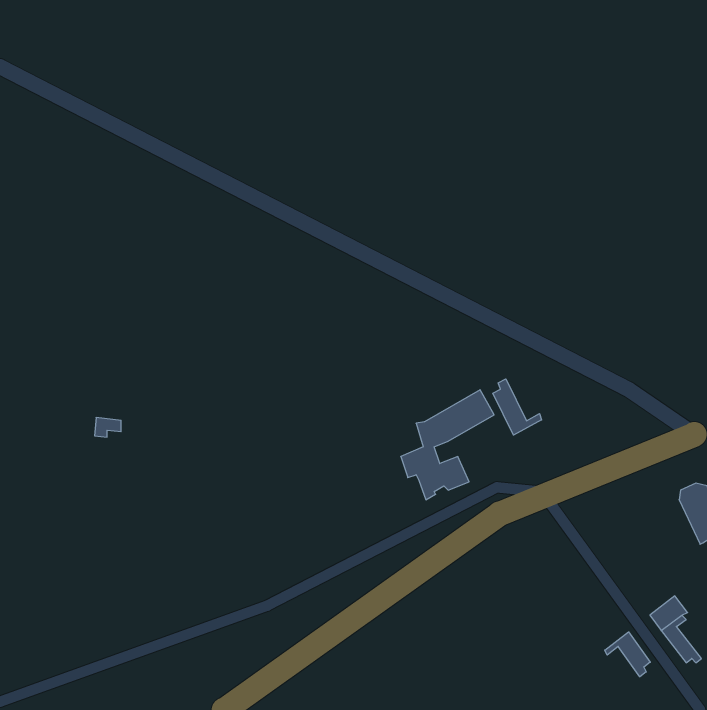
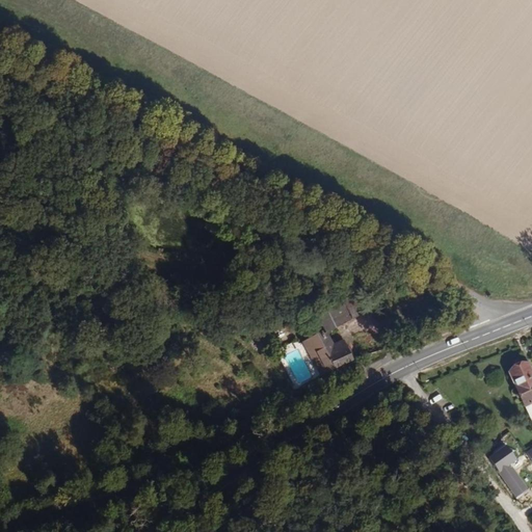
building: [493,379,542,435] -> none
building: [605,632,650,677] -> none

